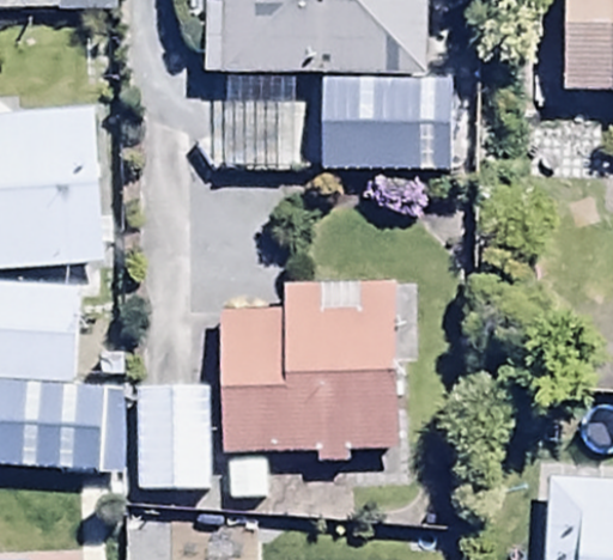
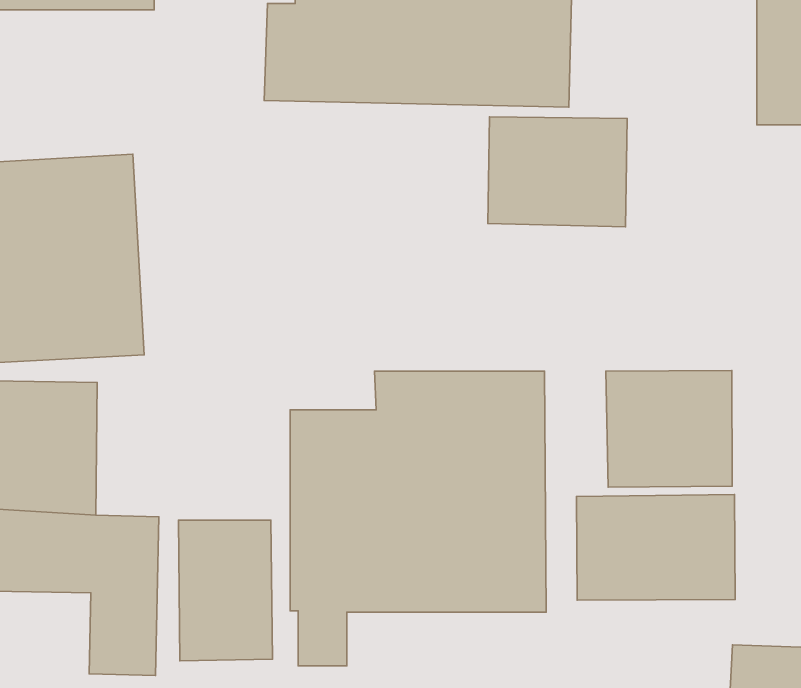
building: none -> [606,370,732,487]
building: none -> [576,494,735,600]

